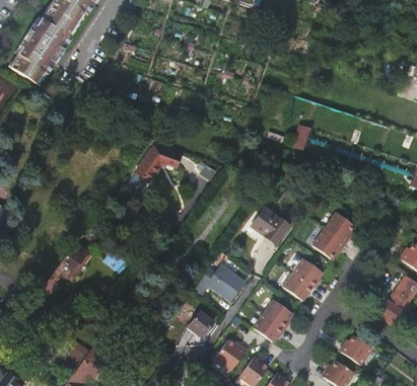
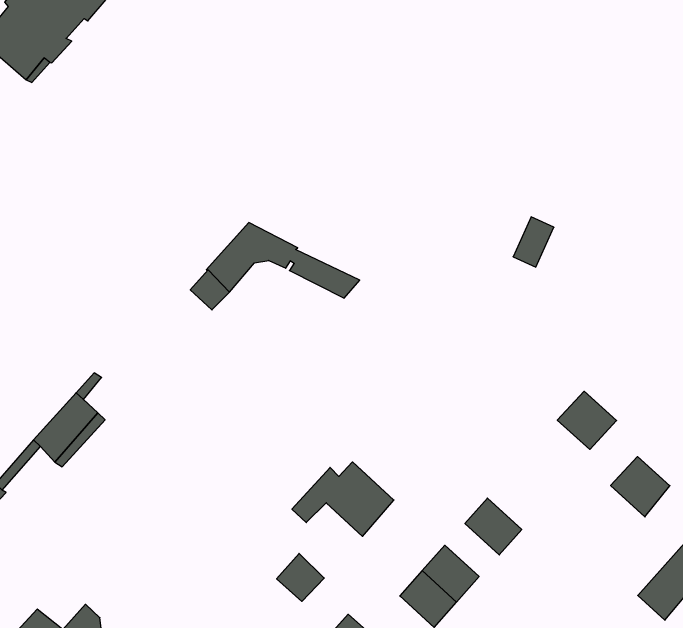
building: [247,207,289,242] -> none
building: [312,229,343,259] -> [611,457,670,517]
building: [293,258,324,287] -> none

